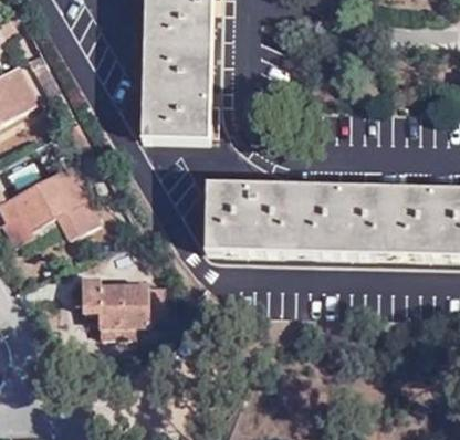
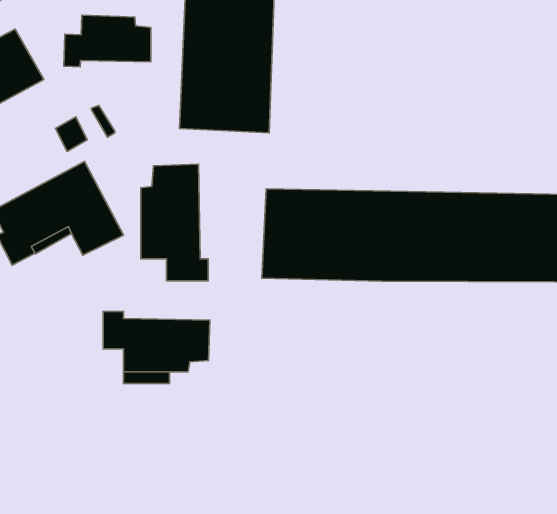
building: none -> [64,15,151,67]
building: none -> [141,164,208,281]

